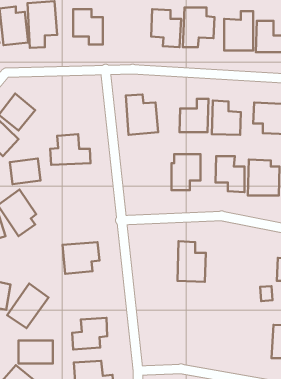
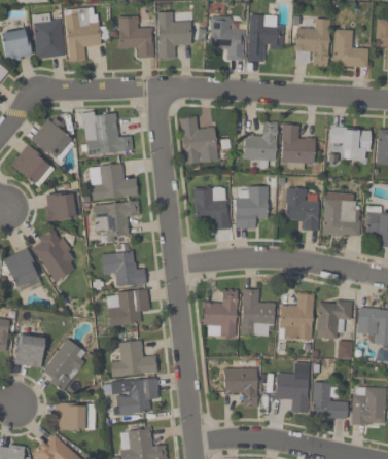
building: none -> [157,12,190,59]
building: none -> [81,109,133,156]
building: none -> [193,186,230,230]
building: none -> [93,201,140,241]
building: none -> [102,251,145,287]
building: none -> [203,289,237,337]
building: none -> [278,293,314,340]
building: none -> [317,302,351,339]
building: none -> [109,340,158,378]
building: none -> [275,364,309,413]
building: none -> [224,367,257,407]
building: none -> [312,383,347,419]

